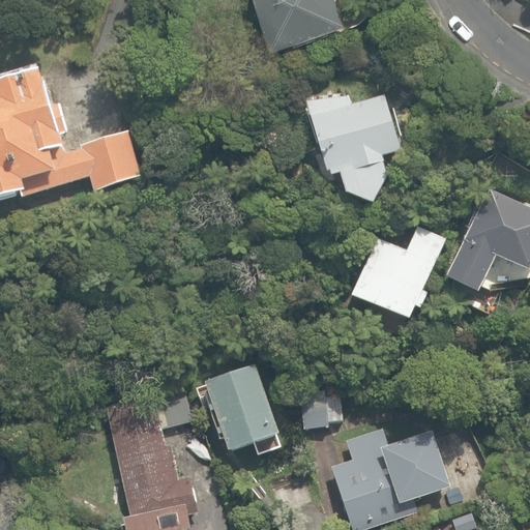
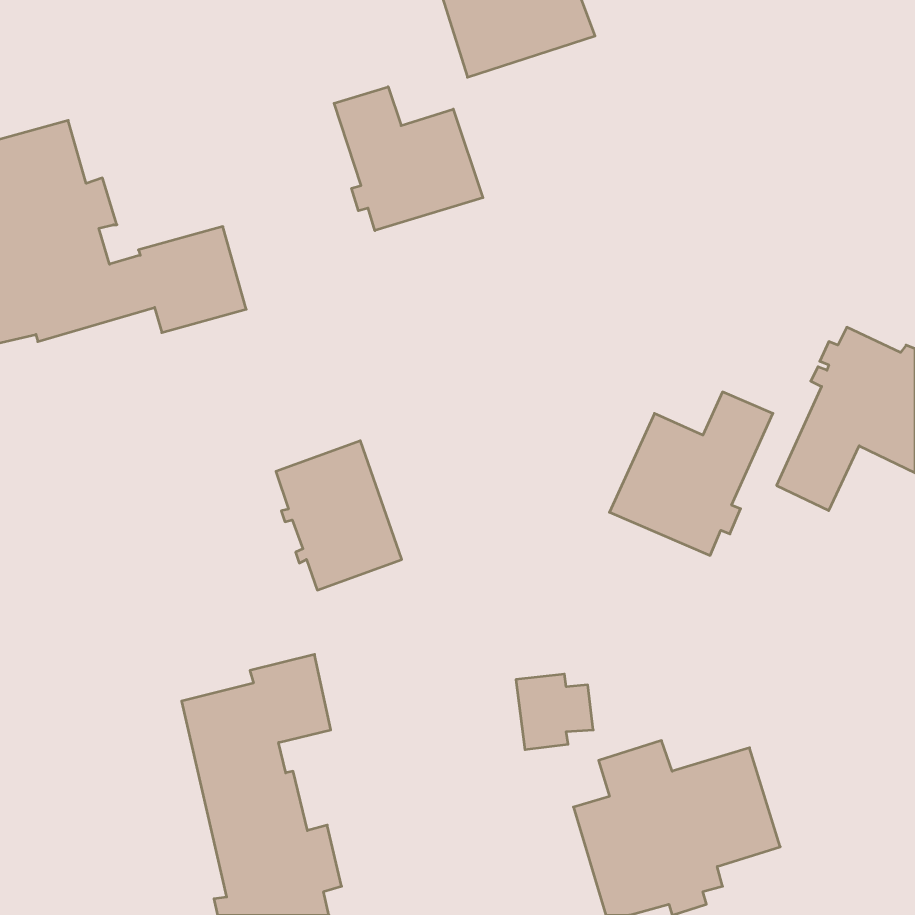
building: none -> [334,87,483,231]
building: [304,92,401,203] -> none
building: [205,364,277,450] -> [276,441,402,590]

